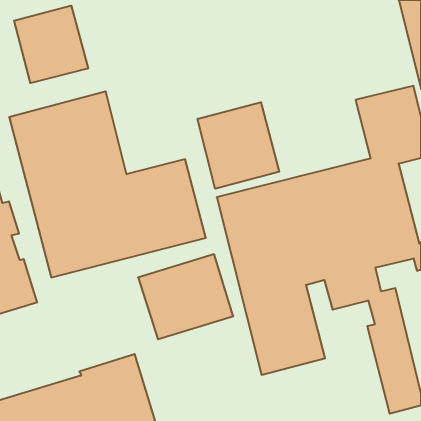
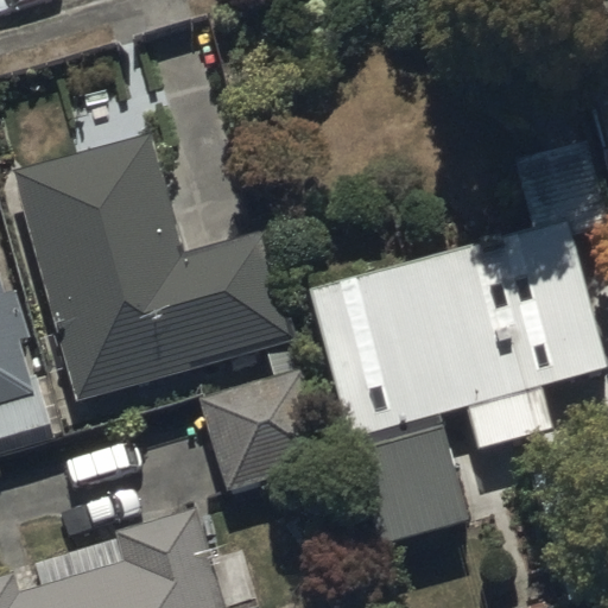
building: [14,6,88,83] -> none
building: [198,102,279,189] -> none

